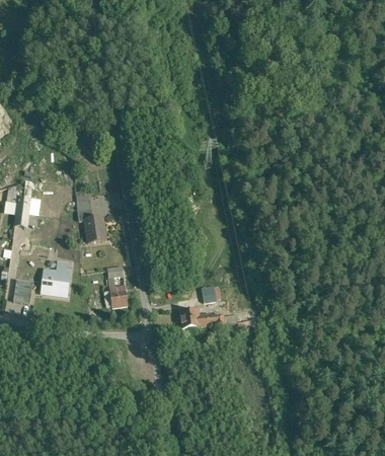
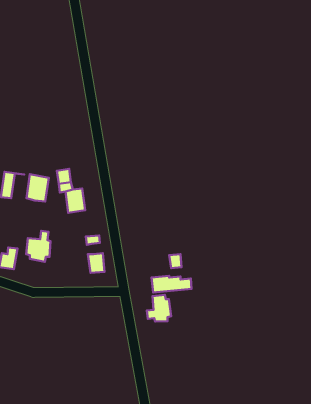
building: none -> [26,174,49,202]
building: none -> [147,295,171,321]

